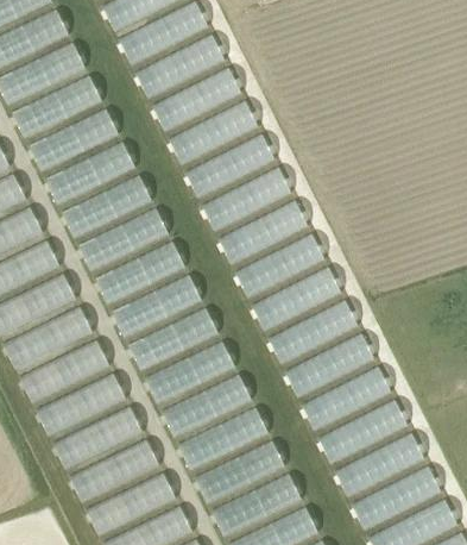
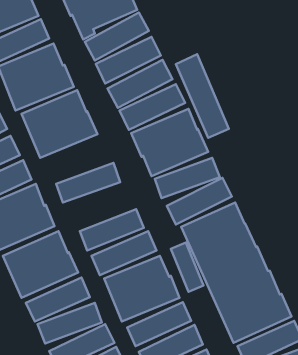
building: none -> [176,54,229,138]
building: [77,208,168,272] -> none
building: [111,276,201,337] -> none
building: none -> [171,243,203,292]

